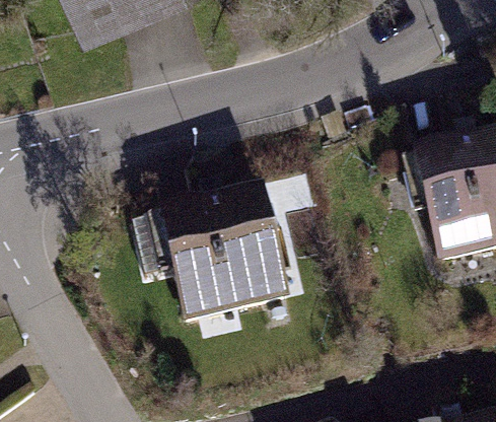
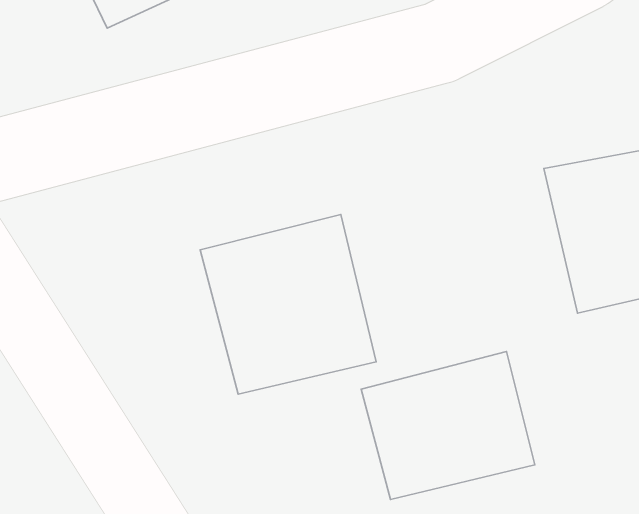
building: none -> [361,352,535,500]

